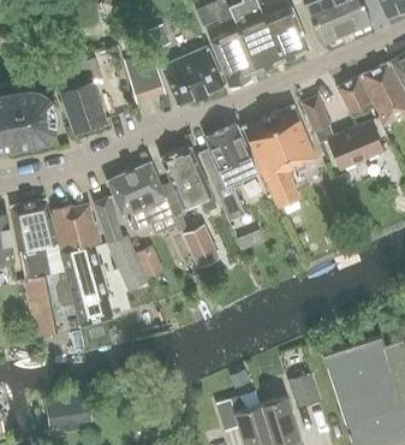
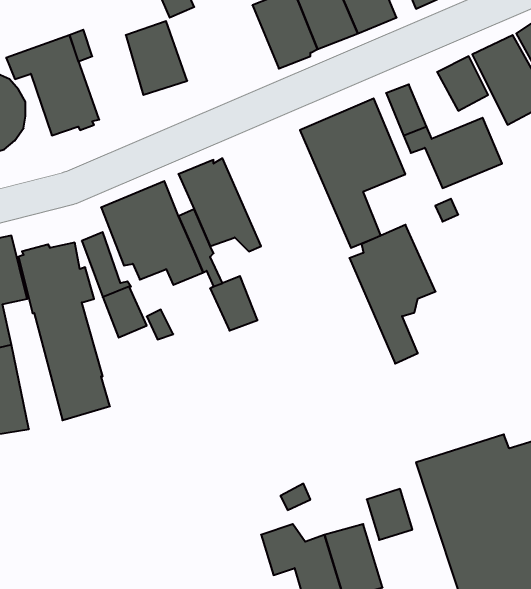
building: [162,46,224,106] -> none
building: [197,125,256,220] -> [349,225,436,364]
building: [43,399,91,431] -> none

